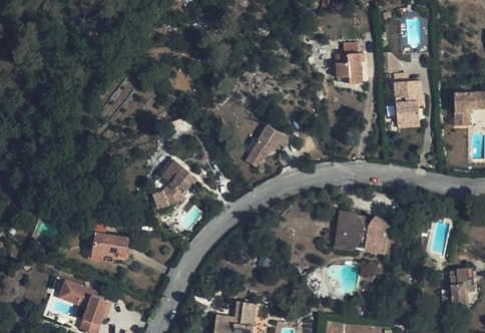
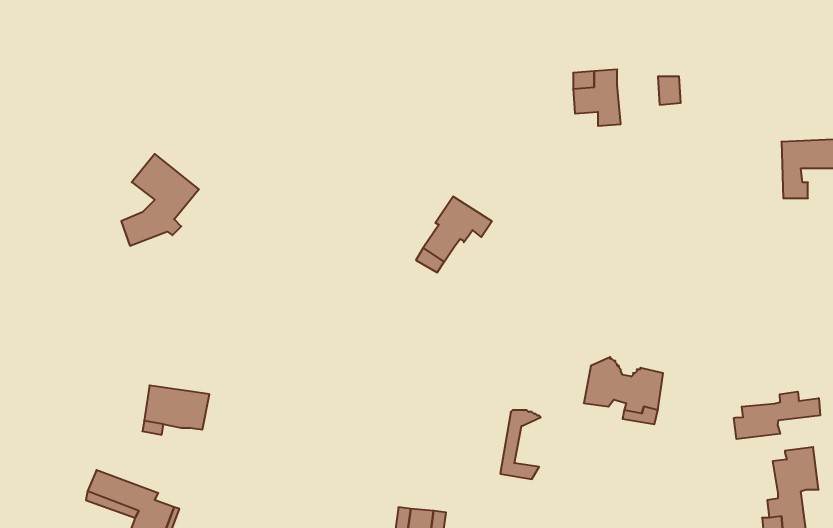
building: [395,80,422,121] -> none
building: [152,156,196,209] -> [121,154,199,246]
building: [334,212,357,251] -> [500,410,541,479]
building: none -> [734,392,820,439]

